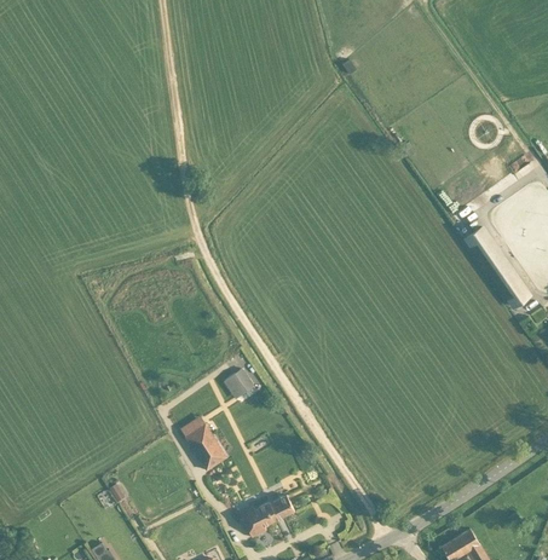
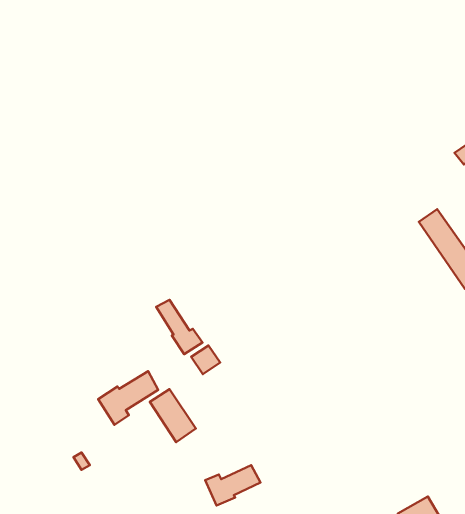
building: none -> [156,300,202,354]
building: none -> [98,371,158,425]

